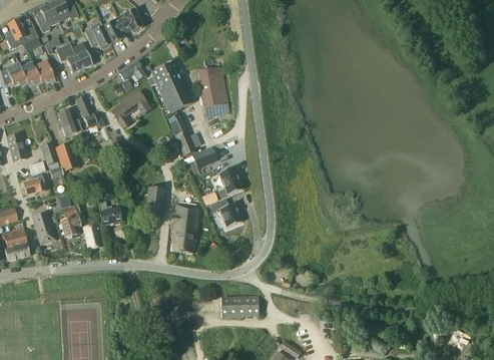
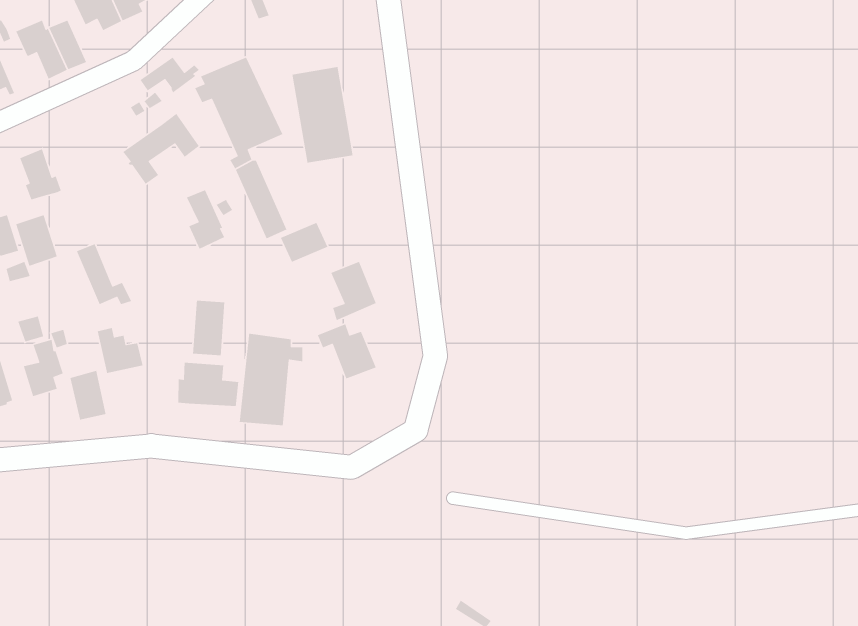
building: [75,94,104,126] -> [76,243,132,305]
building: none -> [186,189,225,250]
building: none -> [177,362,239,407]
building: [222,296,260,316] -> none

